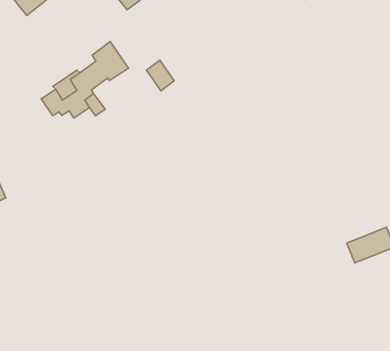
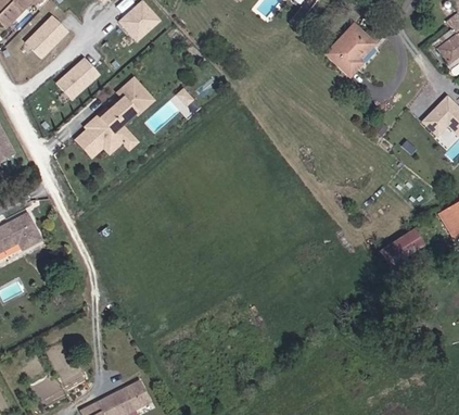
building: none -> [329,25,373,76]
building: none -> [55,58,99,100]

